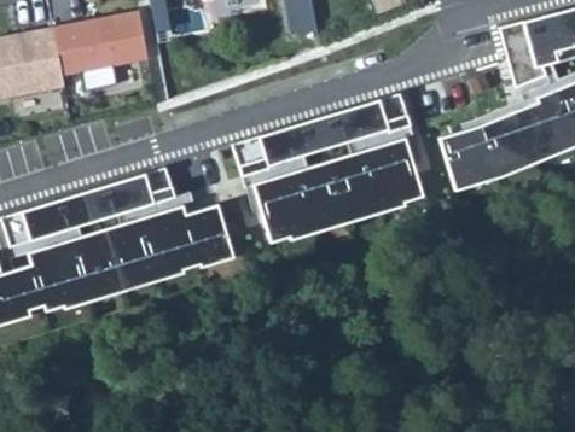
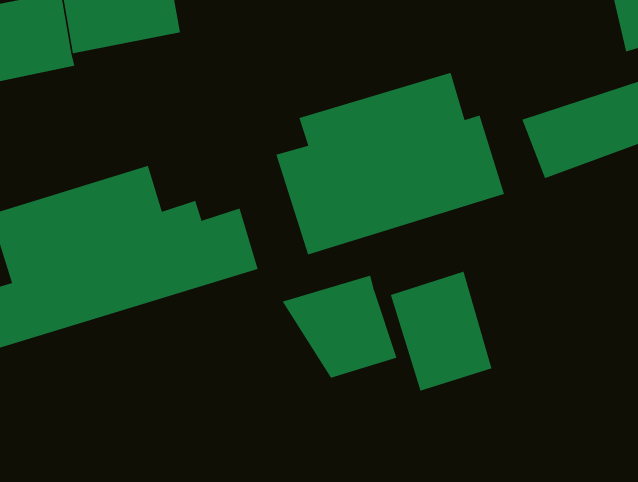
building: none -> [390,271,492,392]
building: none -> [282,275,397,379]

